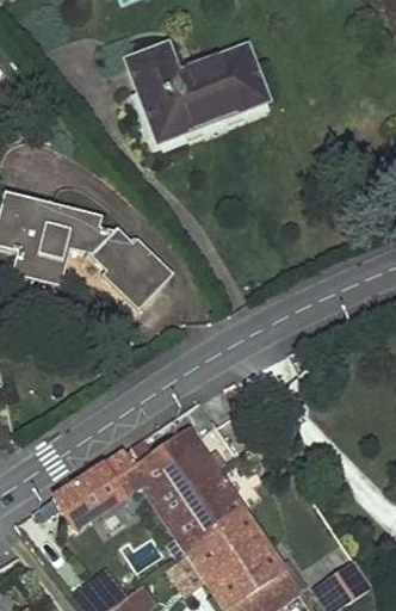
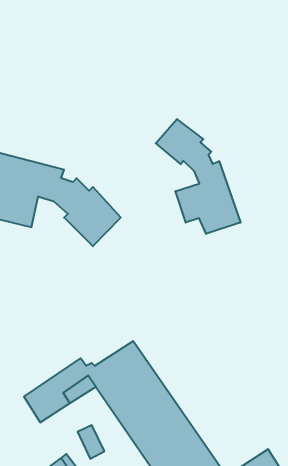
building: [129,45,267,140] -> none
building: none -> [156,119,241,234]

